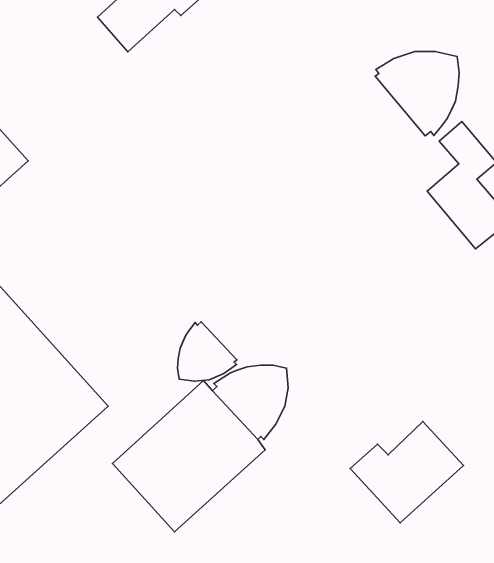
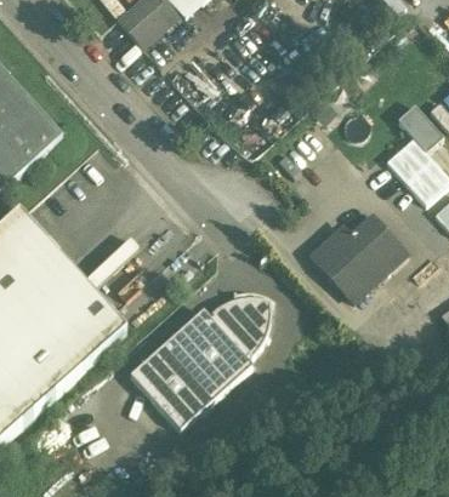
building: [375,51,459,136] -> none
building: [178,322,237,381] -> none
building: [350,422,464,523] -> [313,217,404,298]

